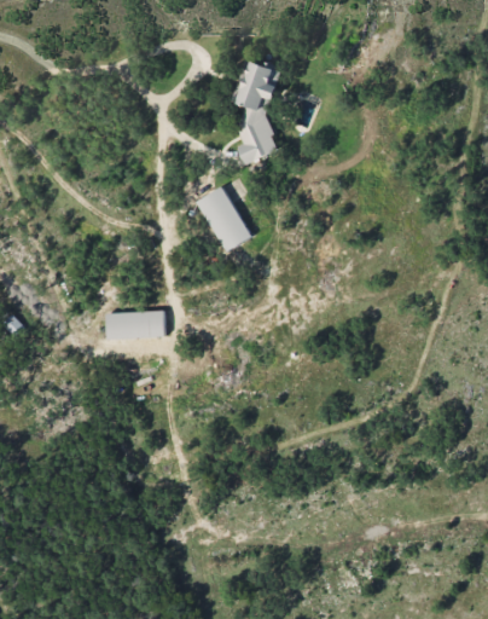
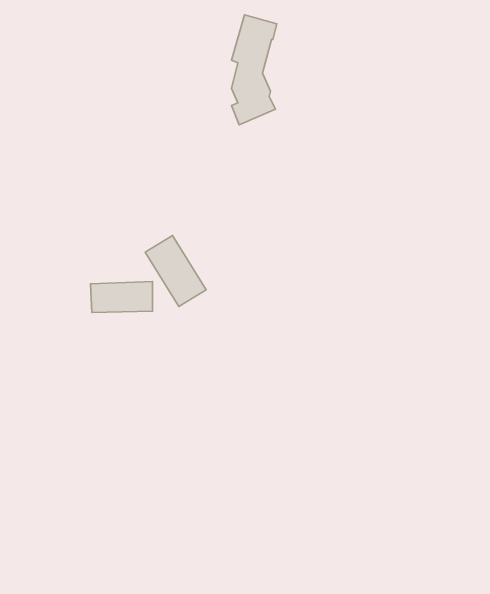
building: [194,186,251,253] -> [145,236,206,307]

